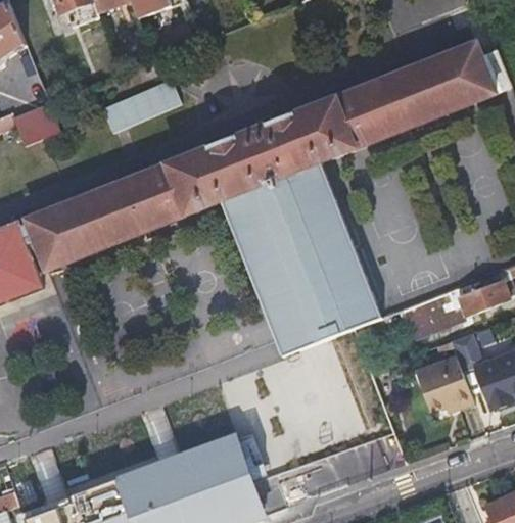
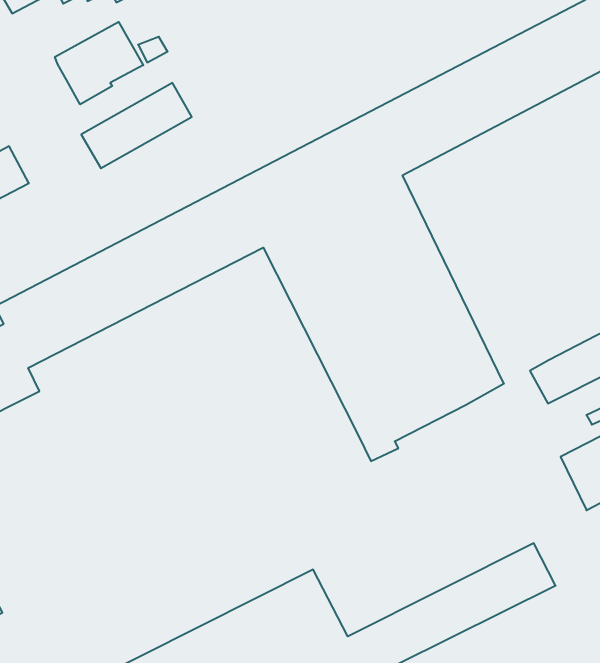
building: none -> [55,22,143,104]

